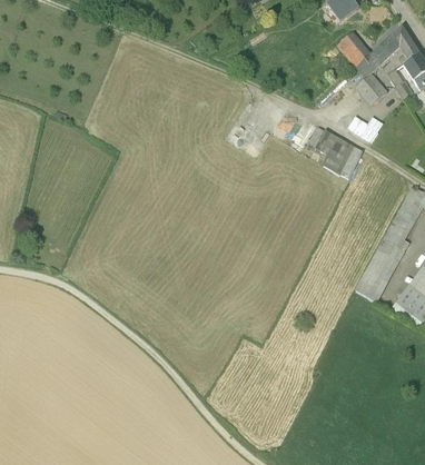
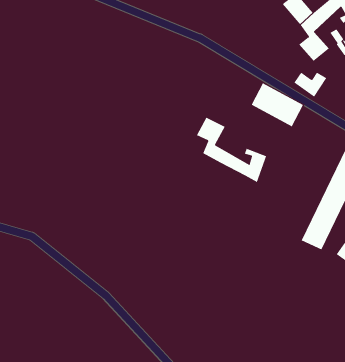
building: none -> [196,117,267,183]

